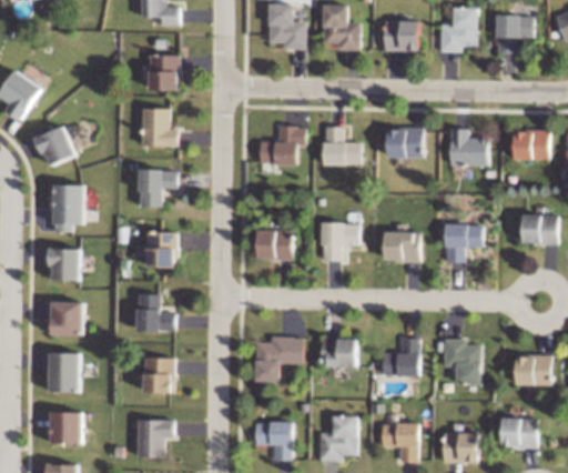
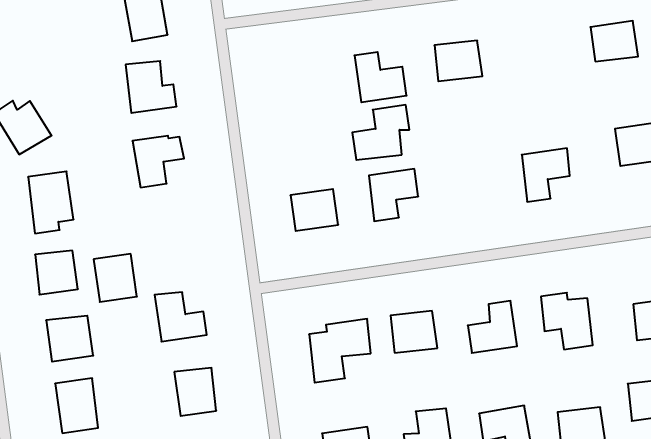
building: [260,125,305,164] -> [352,105,409,160]
building: [449,129,486,165] -> none
building: [384,231,419,261] -> none
building: [146,232,176,266] -> [94,254,137,302]

